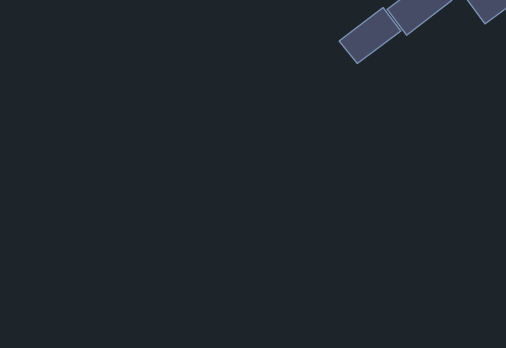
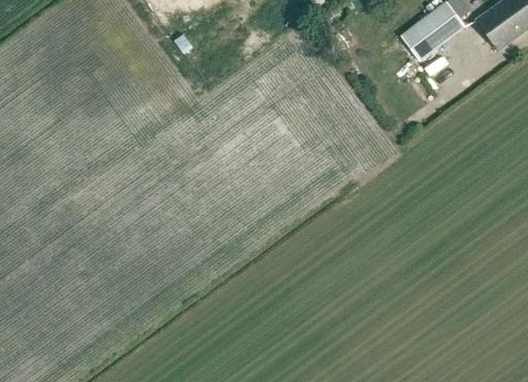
building: [339,8,401,63] -> none

